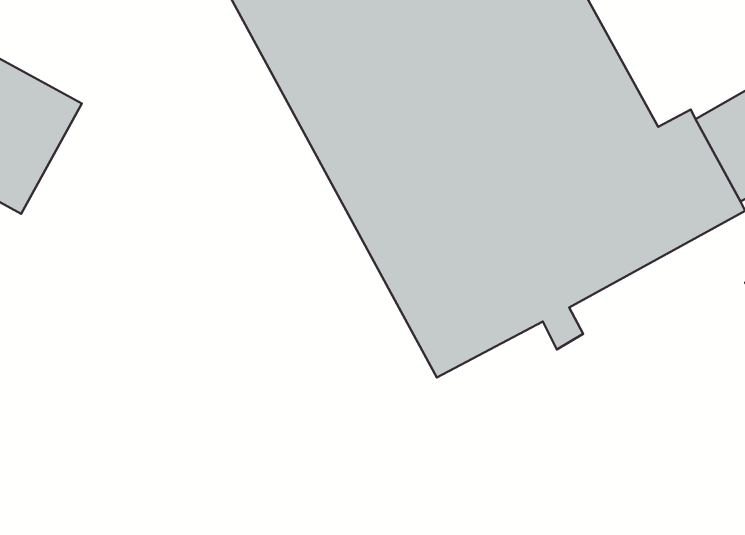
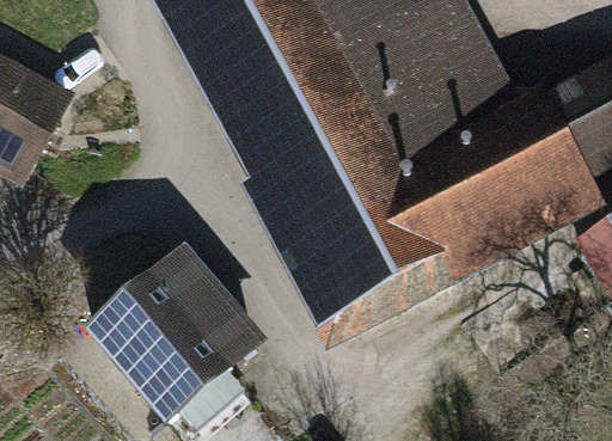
building: none -> [117,261,275,422]

